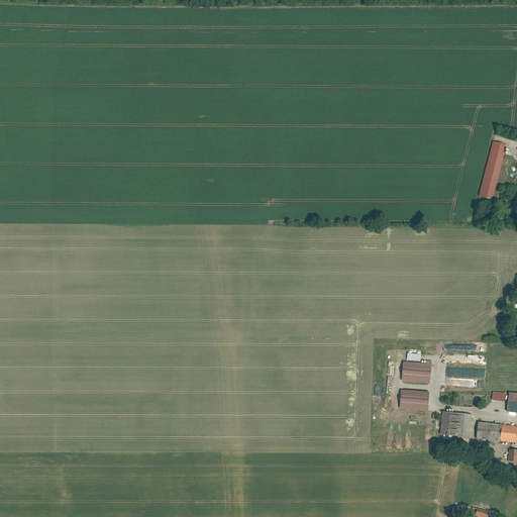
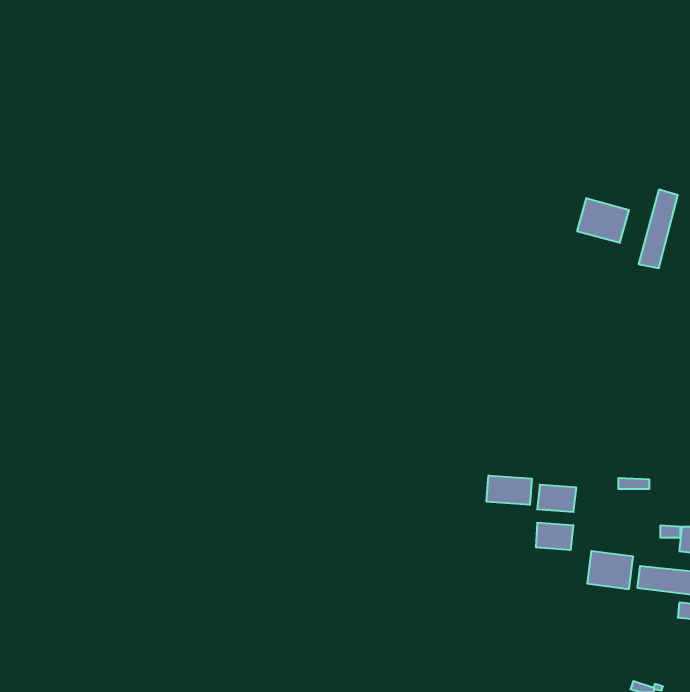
building: none -> [577,198,629,243]
building: none -> [487,475,532,505]

